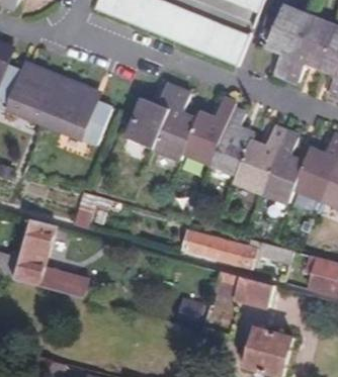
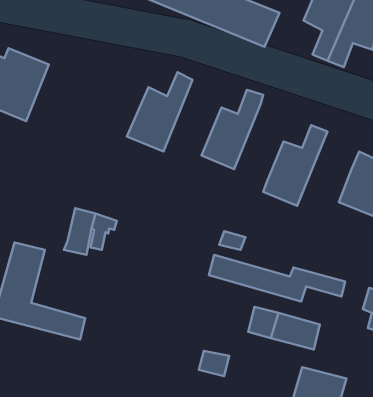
building: [43,78,109,144] -> none
building: [153,90,196,159] -> none
building: [209,109,252,172] -> none
building: [260,131,304,201] -> none

